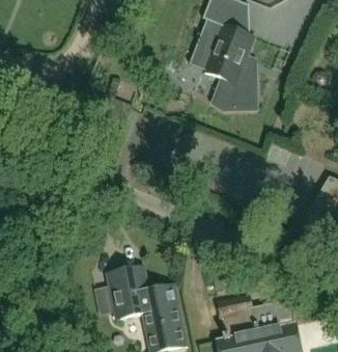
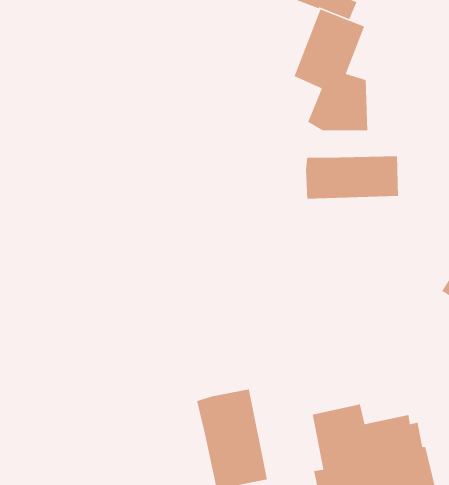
building: none -> [305,155,399,200]
building: [104,263,146,317] -> none

